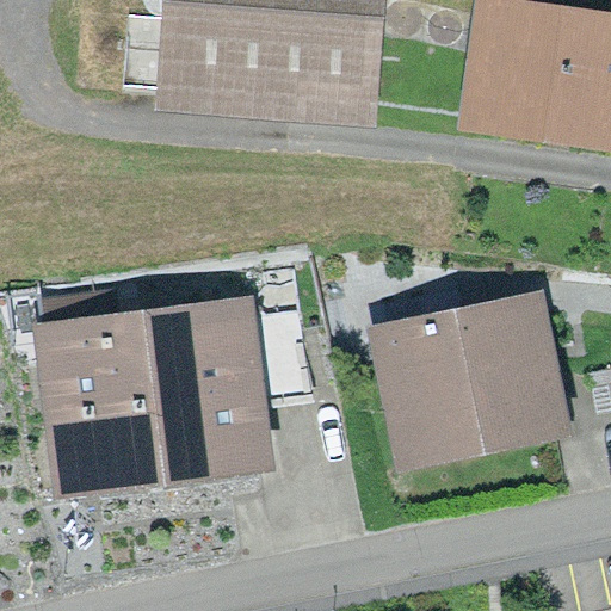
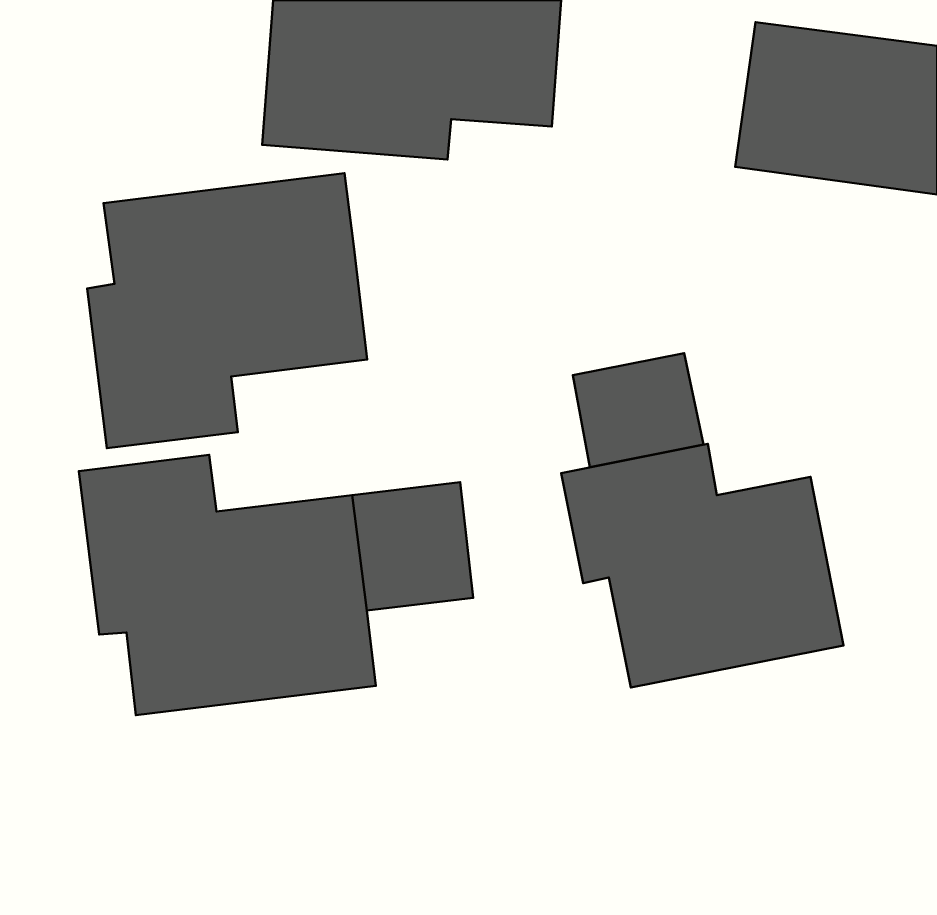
building: none -> [87,173,367,448]
building: none -> [573,353,703,467]

